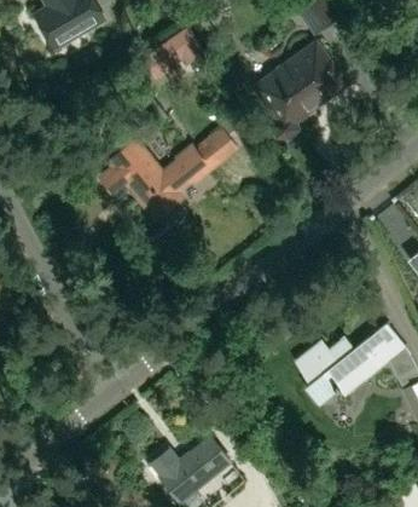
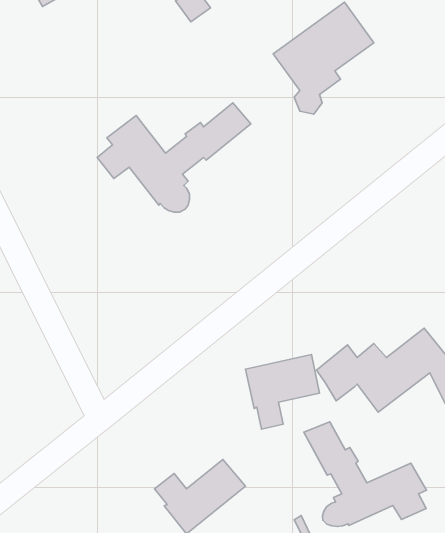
building: none -> [245,355,319,429]
building: none -> [304,422,427,527]

